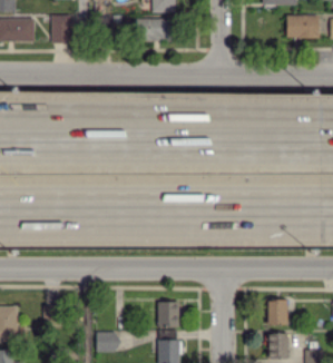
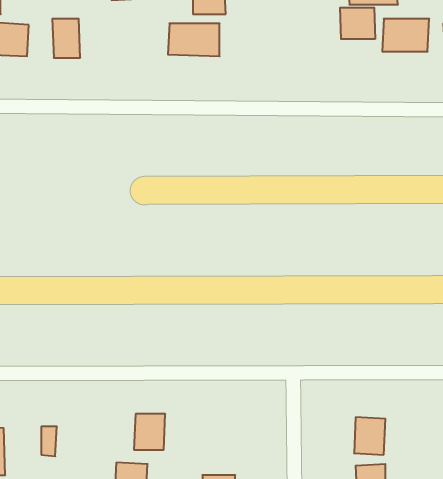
building: none -> [340,8,375,39]
building: [157,301,179,326] -> [134,414,165,450]

